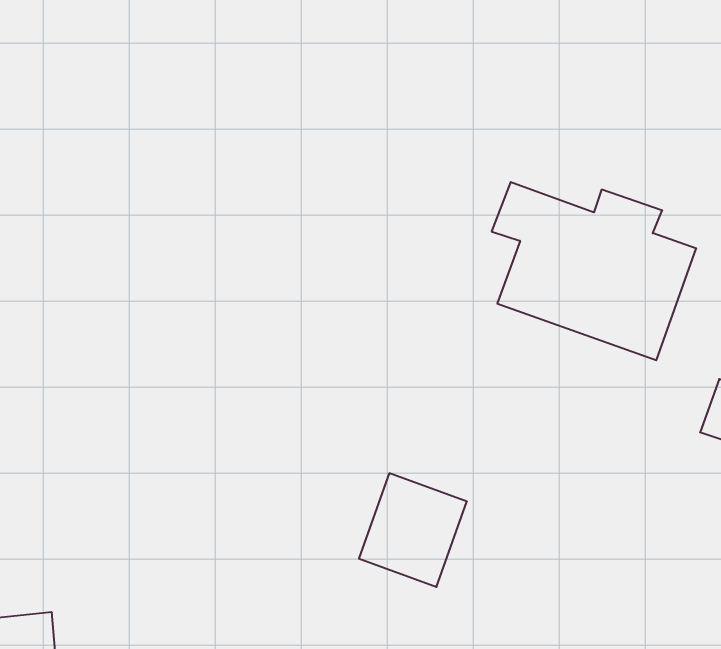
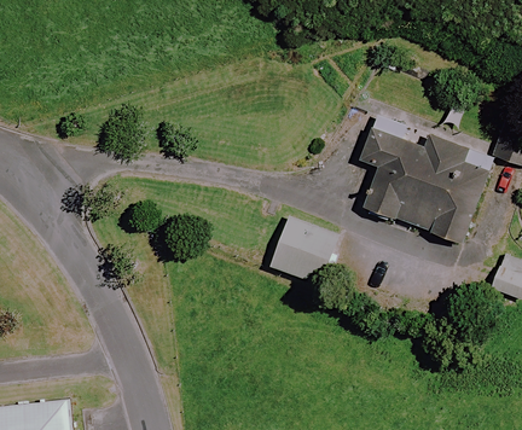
building: [359,473,467,587] -> [269,211,338,284]

